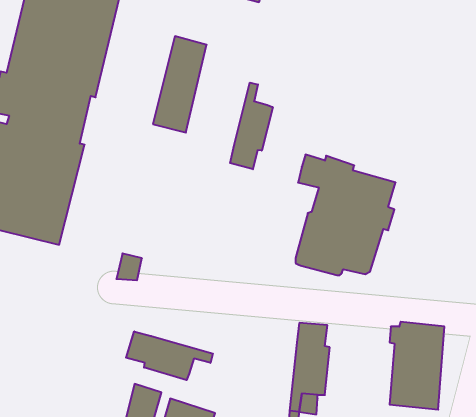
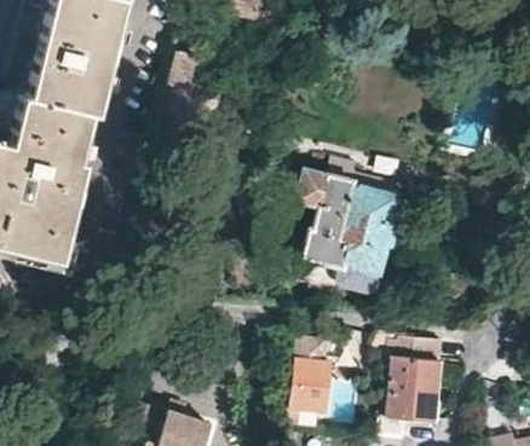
building: [230,83,273,169] -> none
building: [126,331,213,380] -> none

